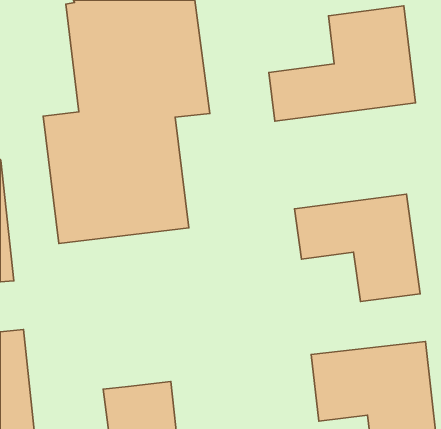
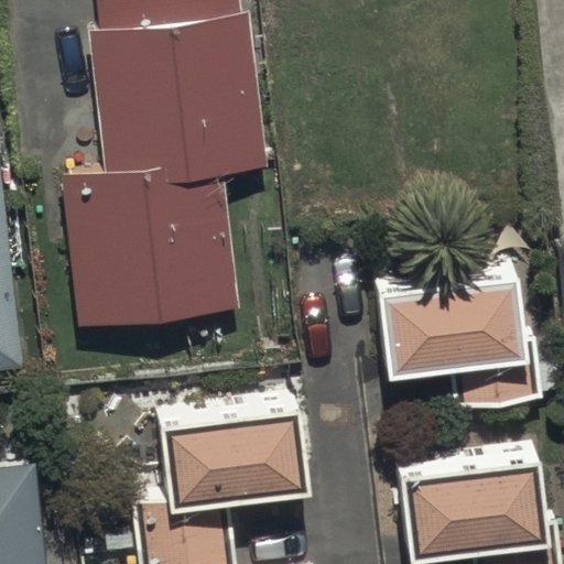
building: [269,6,416,121] -> none
building: none -> [154,410,300,509]

